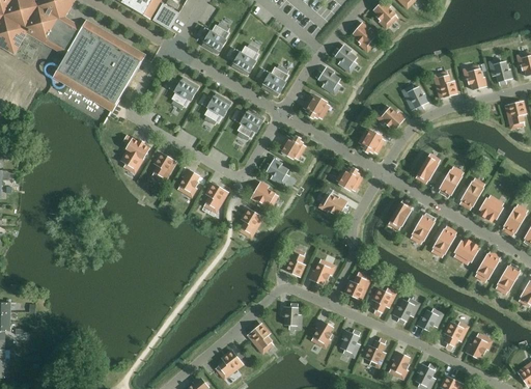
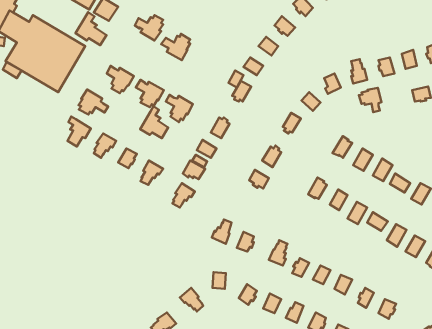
building: none -> [75,12,106,45]
building: [257,65,289,93] -> none
building: none -> [359,88,381,112]
building: none -> [79,89,108,115]
building: none -> [140,106,168,138]

